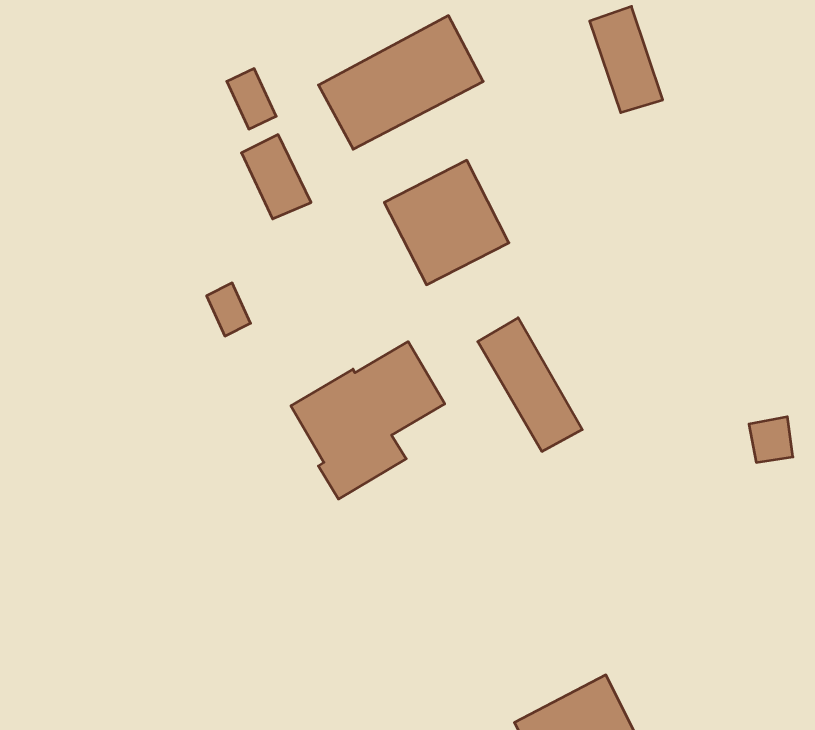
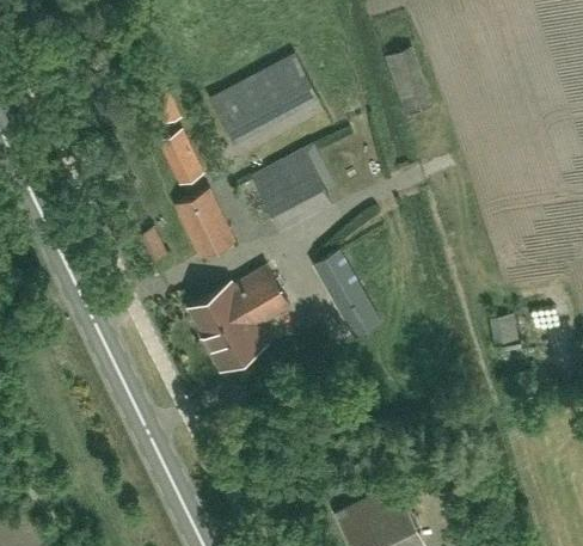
building: none -> [176,190,235,260]

